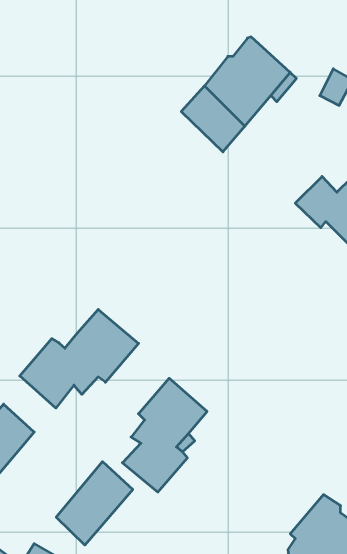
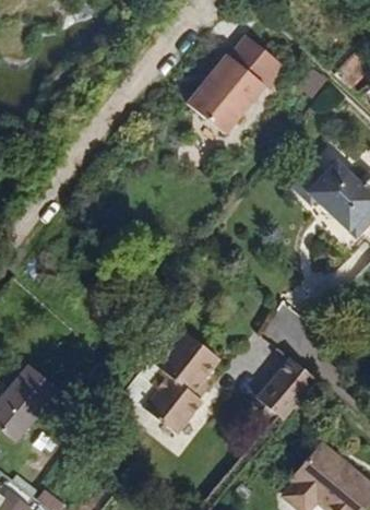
building: [20,309,139,408] -> none
building: none -> [255,357,313,417]
building: [56,462,133,545] -> none

